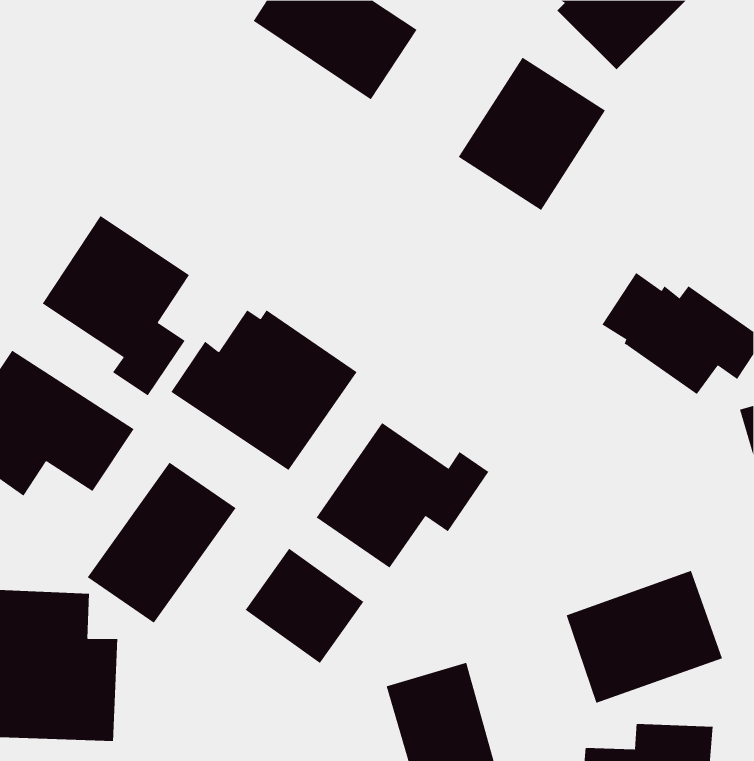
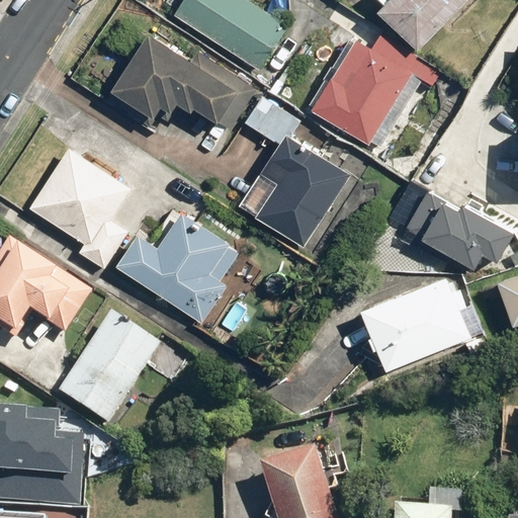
building: none -> [110,30,252,130]
building: none -> [241,97,350,248]
building: [316,422,489,569] -> none
building: [245,548,364,664] -> none
building: [566,570,723,703] -> [364,278,470,368]

